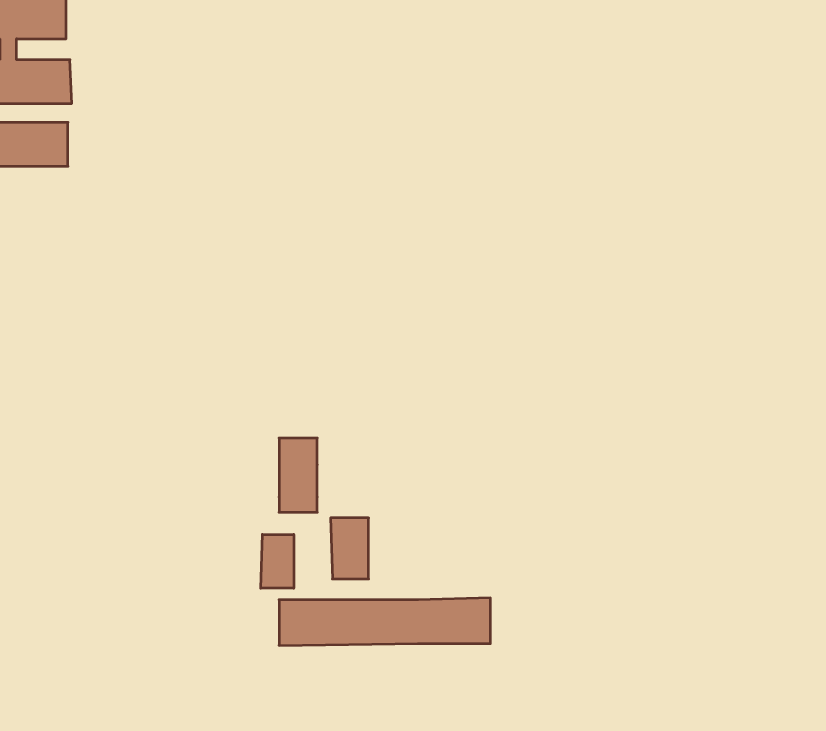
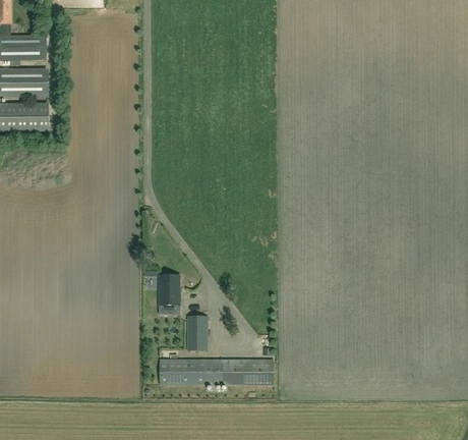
building: [261,534,294,588] -> none

